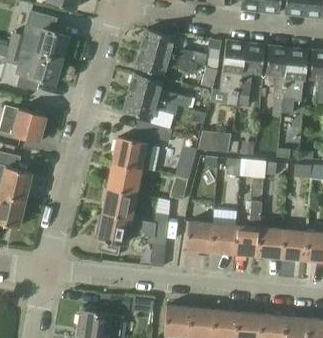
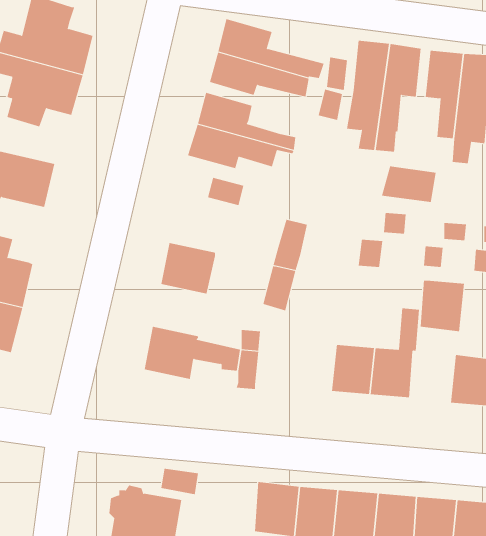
building: [198,132,231,154] -> [381,166,436,203]
building: [113,136,153,171] -> none
building: [103,186,136,217] -> none
building: [186,220,213,250] -> none
building: [257,226,284,257] -> [420,280,465,332]

